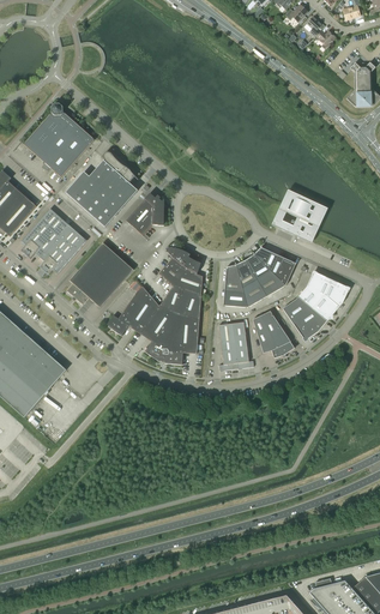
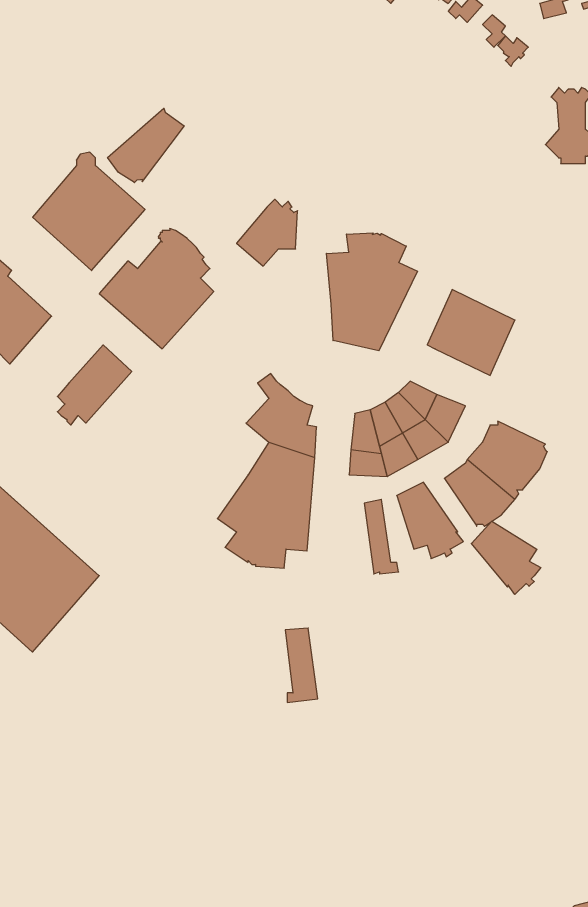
building: none -> [108,108,184,183]
building: none -> [326,233,417,351]
building: [126,193,164,235] -> [237,199,298,266]
building: [22,209,68,258] -> none
building: [66,242,133,307] -> none
building: [107,287,159,336] -> none
building: [218,324,239,371] -> [285,628,318,702]
building: none -> [471,521,541,594]

